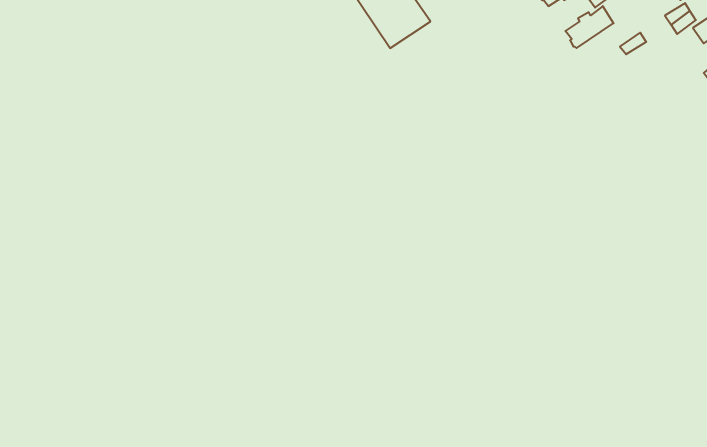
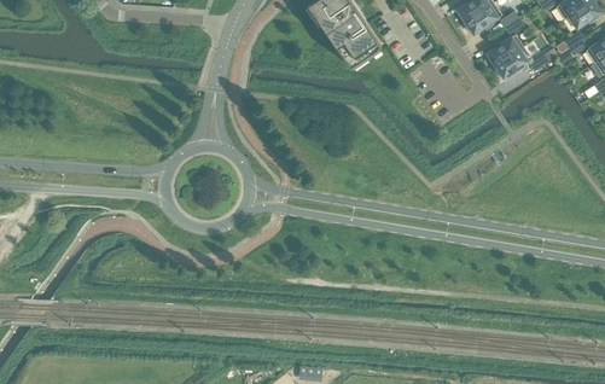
building: none -> [495,47,533,81]

